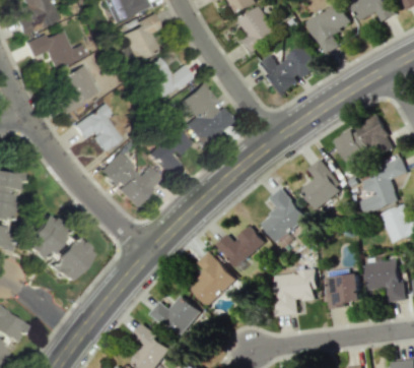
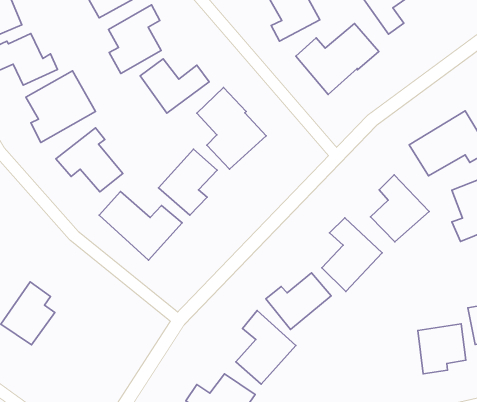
building: [47,235,92,283] -> none
building: [274,268,319,315] -> none

